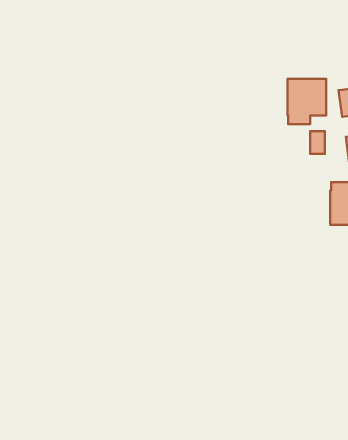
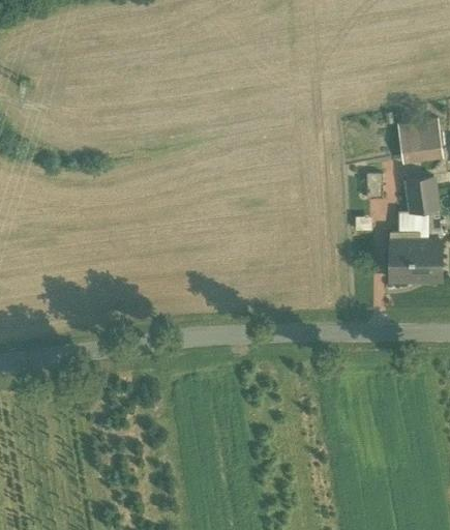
building: [288,79,326,124] -> none

